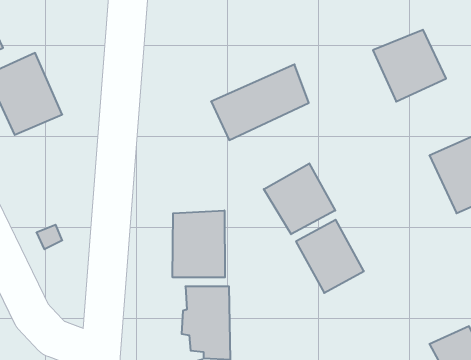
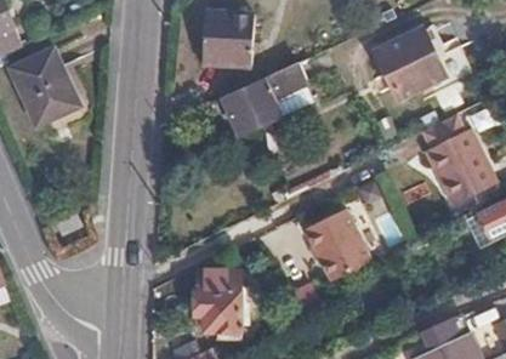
building: none -> [206,10,255,64]
building: [264,163,335,234] -> none
building: [173,210,225,277] -> none

